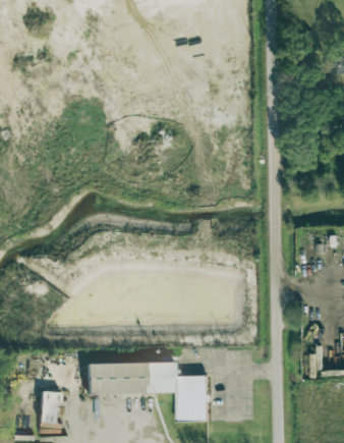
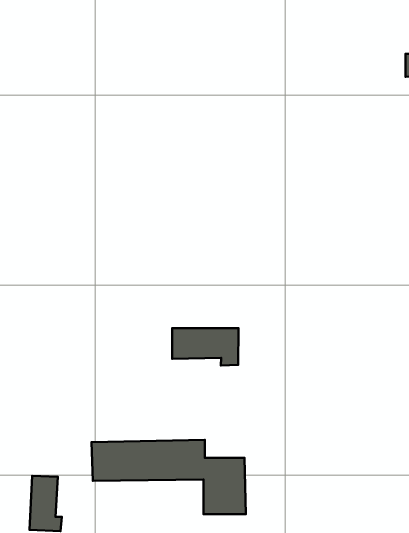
building: none -> [172,328,238,365]

